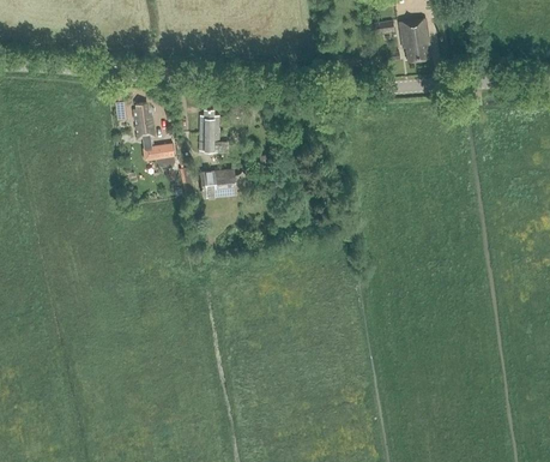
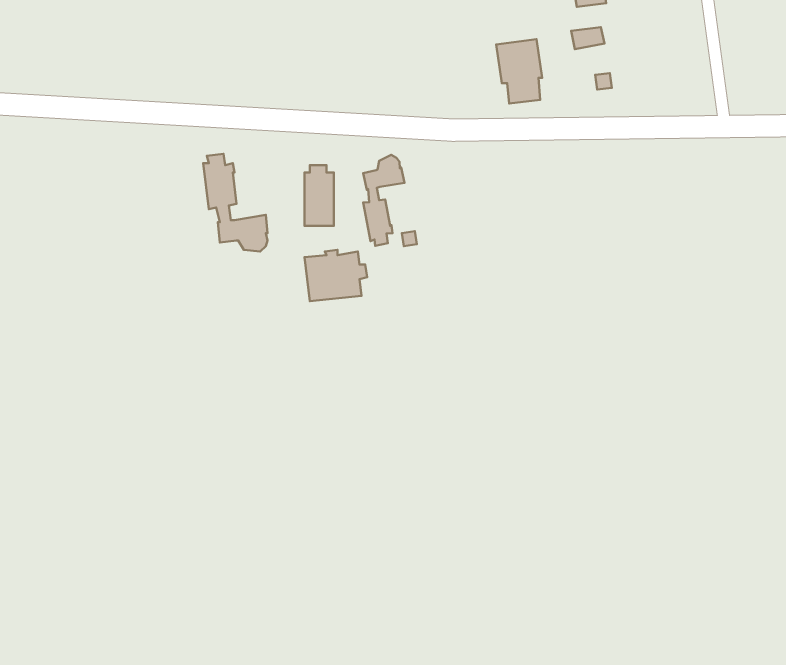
building: [400,18,430,60] -> [496,39,542,104]
building: none -> [363,155,404,246]

